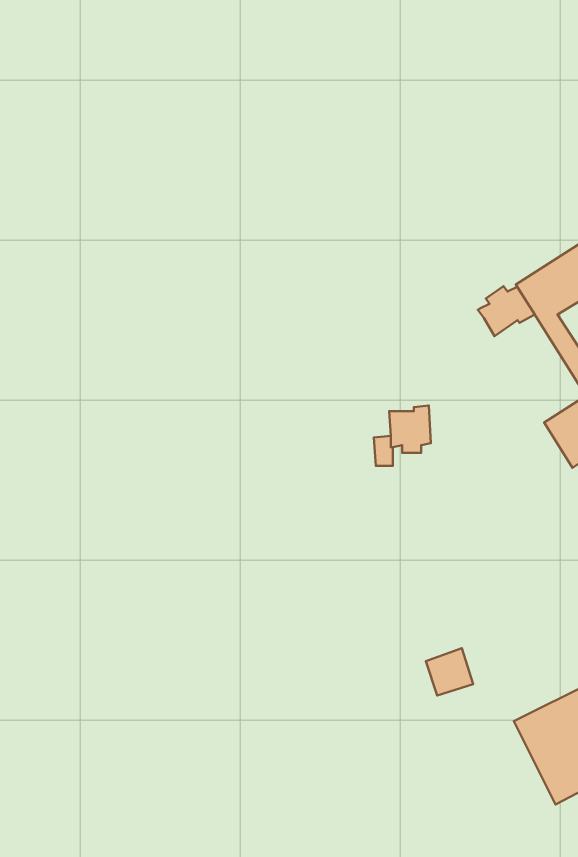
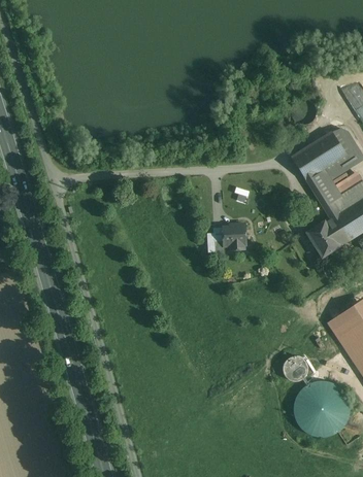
building: [478,286,535,336] -> none
building: [426,648,473,695] -> [287,353,312,379]

